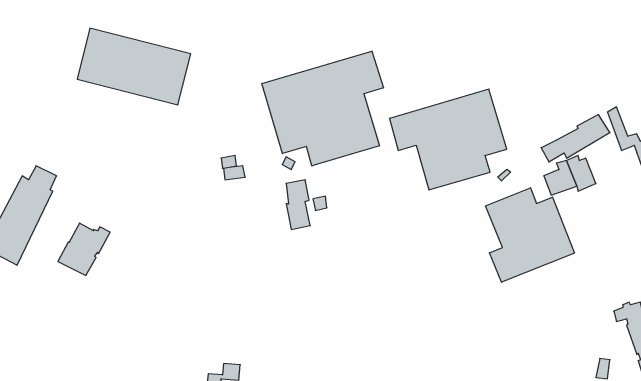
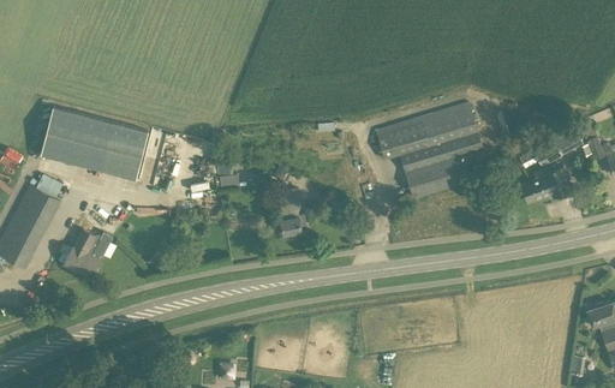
building: [77,28,191,105] -> [41,107,148,179]
building: [262,51,383,166] -> none
building: [486,188,575,282] -> none

